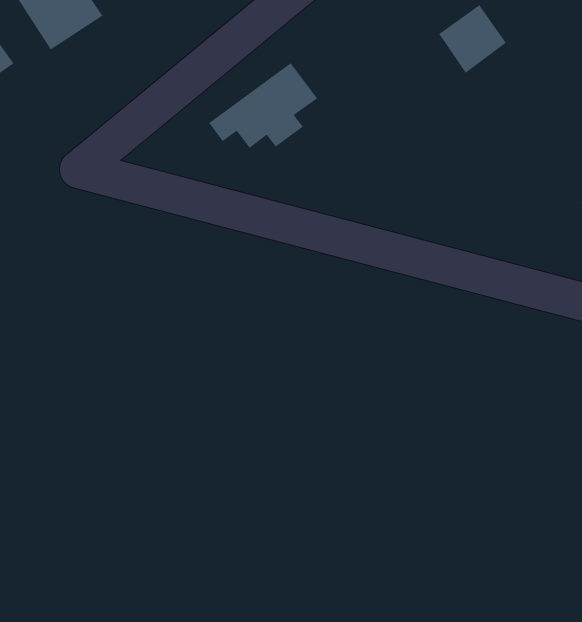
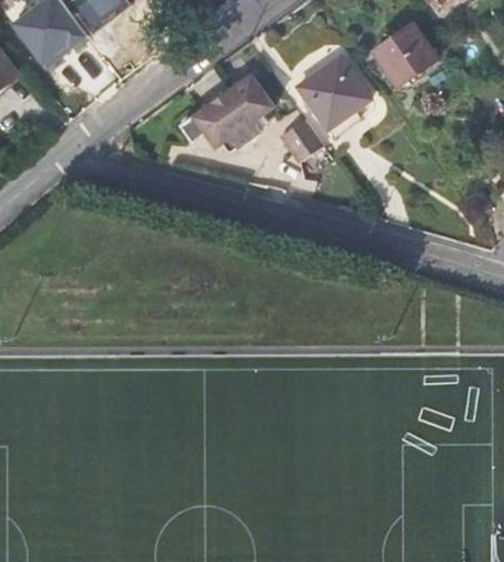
building: none -> [299,56,370,128]
building: none -> [279,119,323,164]

